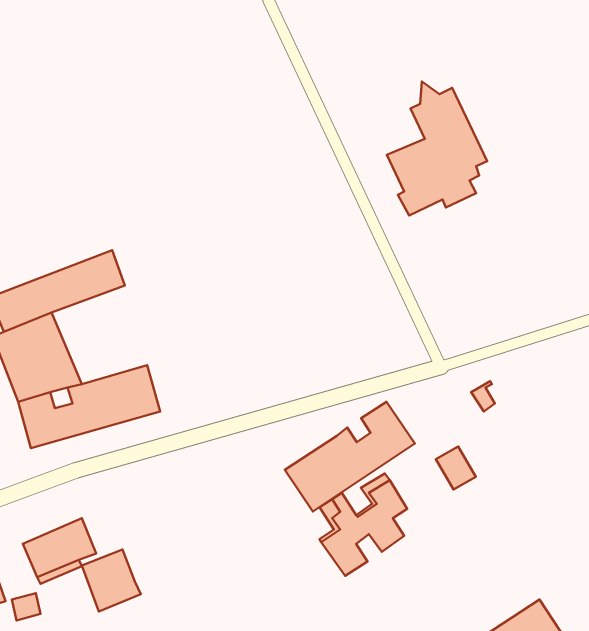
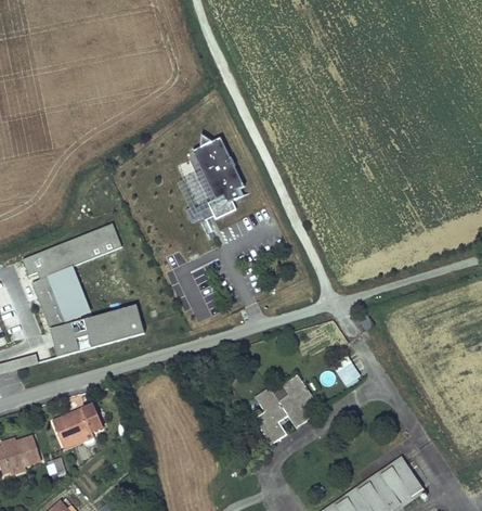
building: [387,81,487,215] -> [175,133,244,225]
building: [285,402,415,512] -> none
building: [82,550,141,611] -> none

